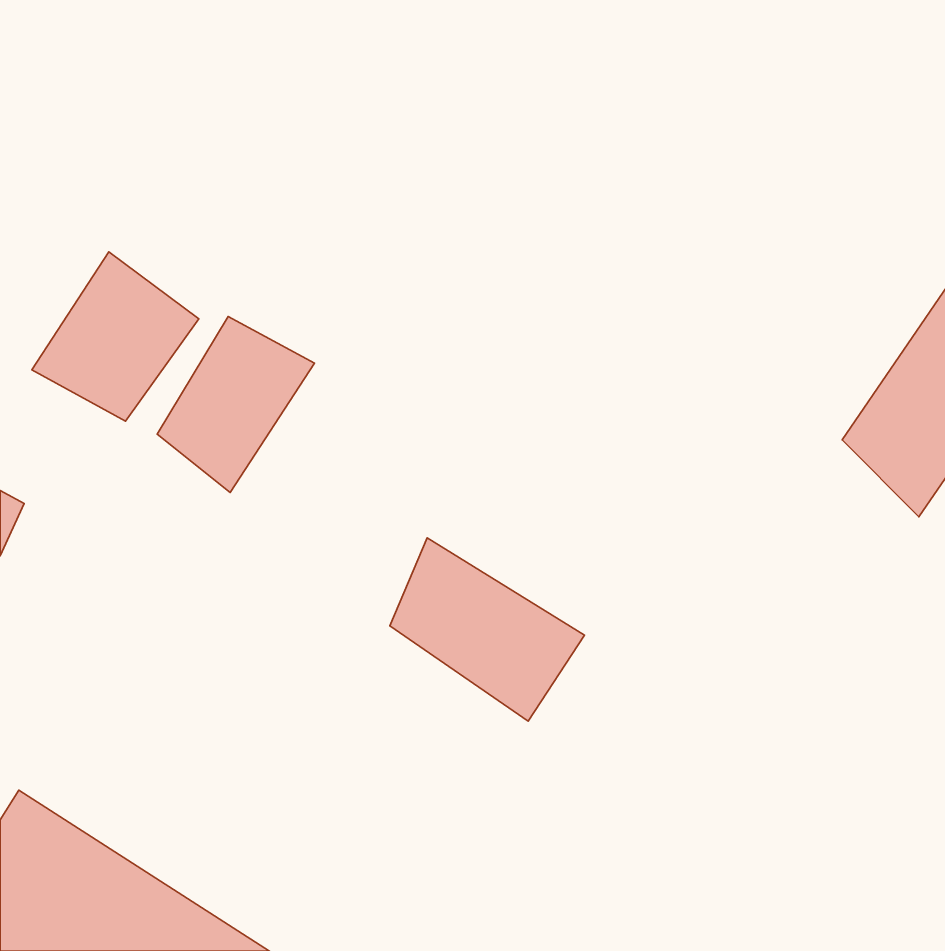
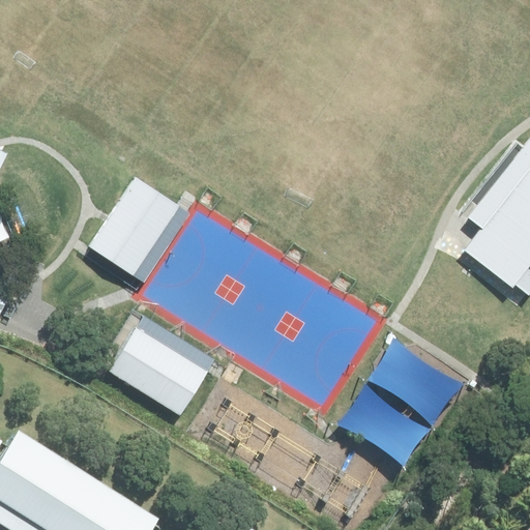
building: [32,252,199,421] -> none
building: [390,538,584,721] -> [106,319,213,420]

